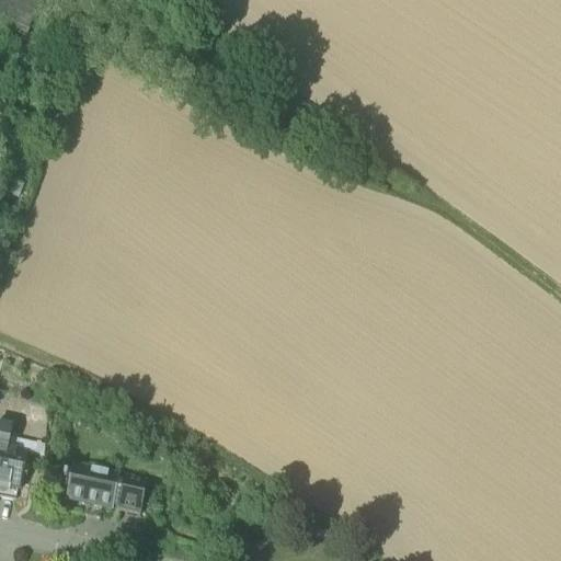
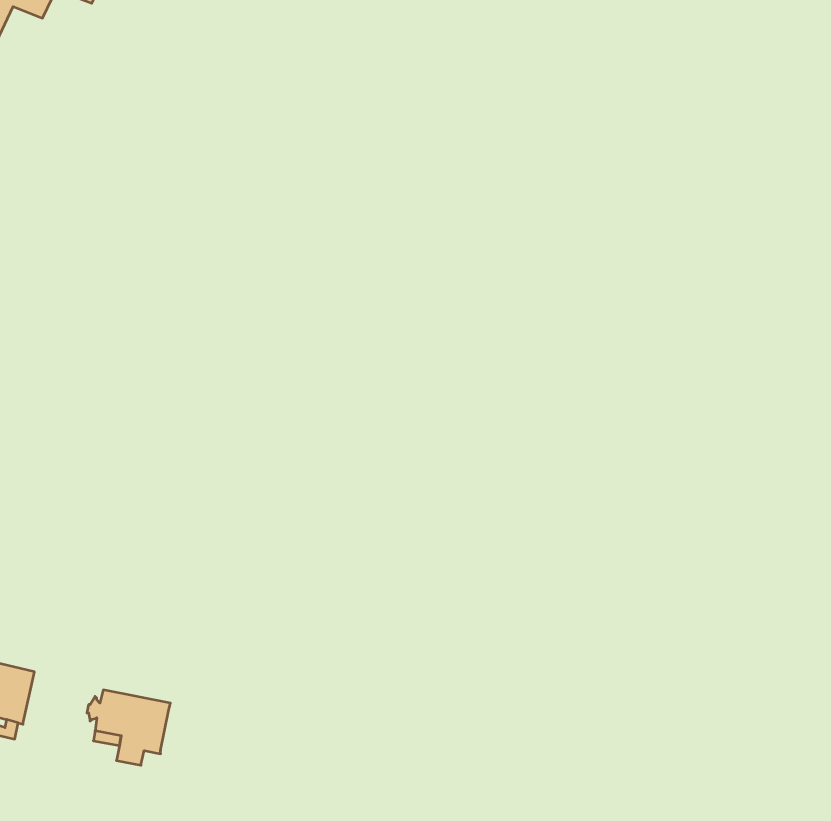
building: [107,471,142,510] -> none

